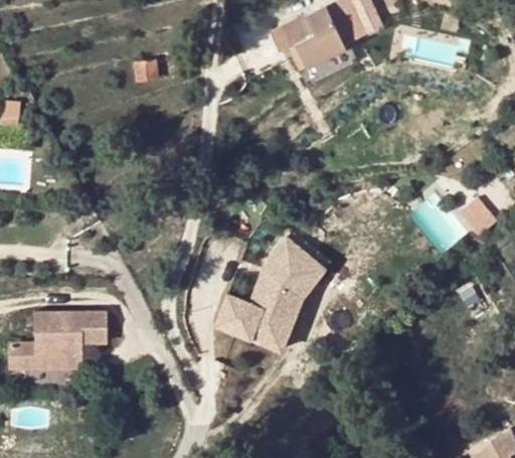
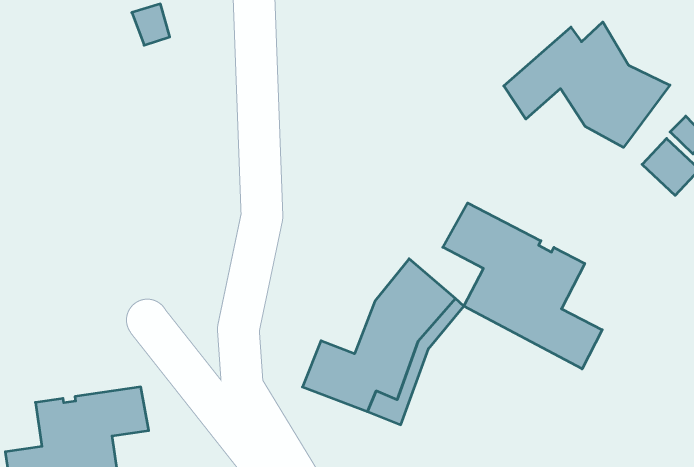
building: none -> [504,22,670,147]
building: none -> [443,203,602,369]

